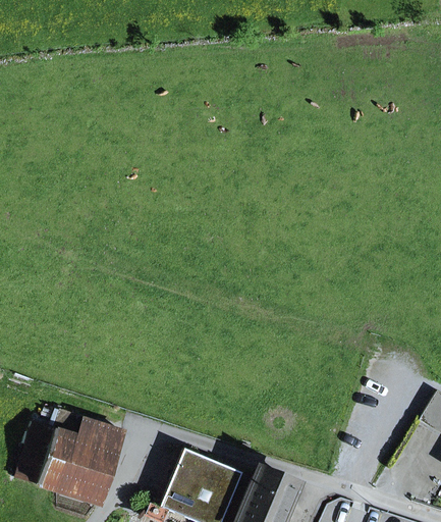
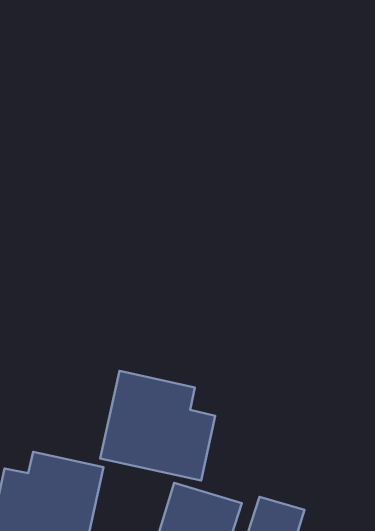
building: none -> [100,371,215,480]

